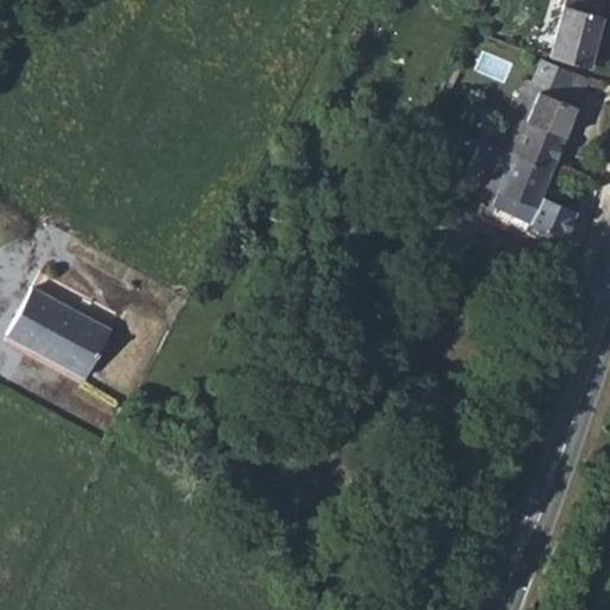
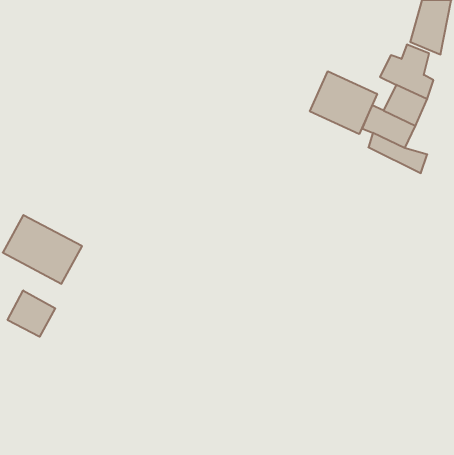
building: none -> [310,71,377,134]
building: none -> [8,290,55,337]

